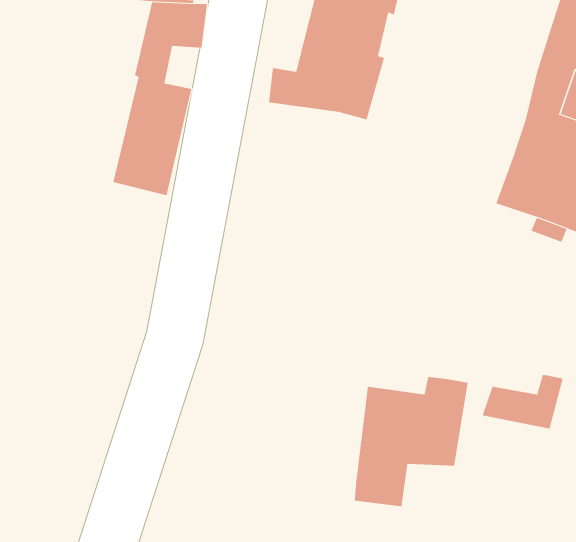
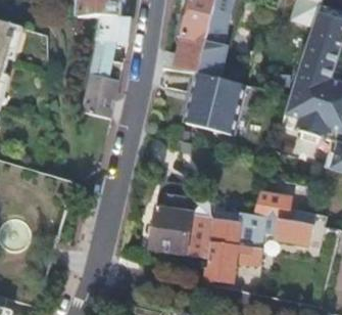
building: none -> [187,73,245,134]
building: none -> [255,191,306,221]
building: none -> [150,192,212,256]

